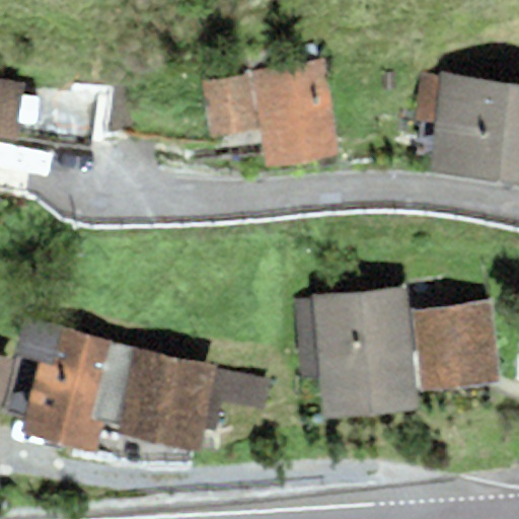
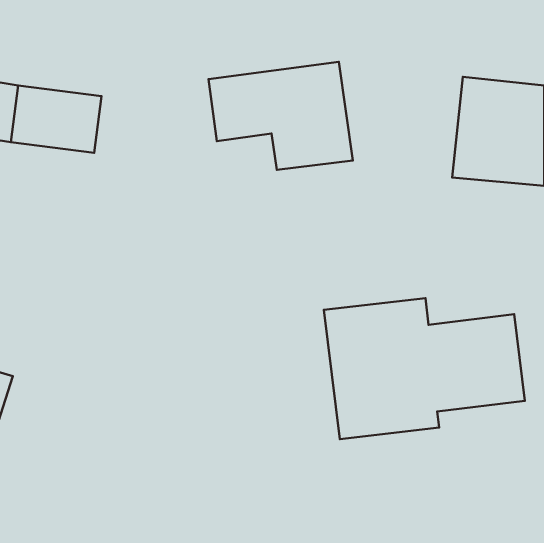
building: [12,318,271,452] -> none

